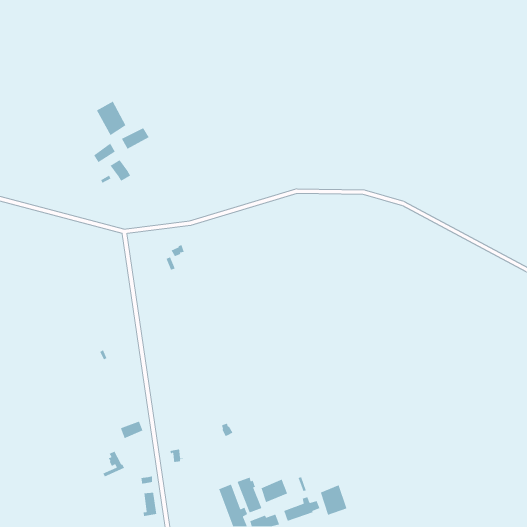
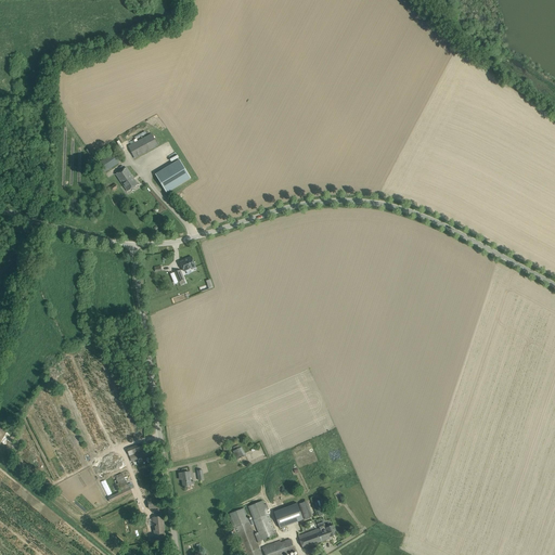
building: [96,100,126,136] -> none
building: none -> [155,159,190,192]
building: [320,484,348,516] -> none

